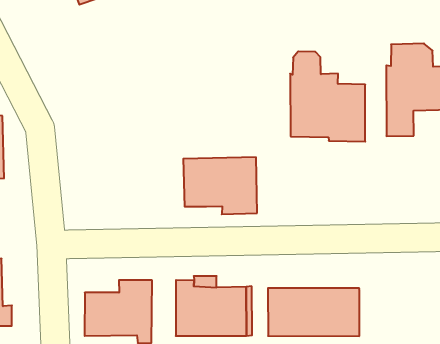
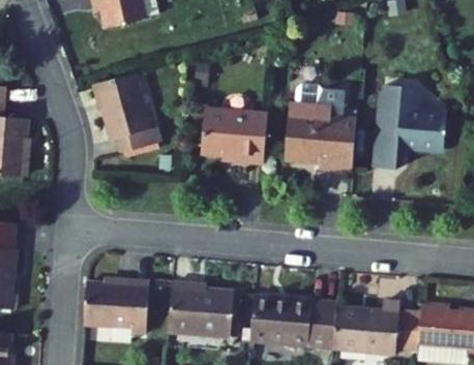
building: none -> [96,69,165,150]
building: [183,157,257,214] -> [201,108,270,163]
building: none -> [331,301,402,356]

